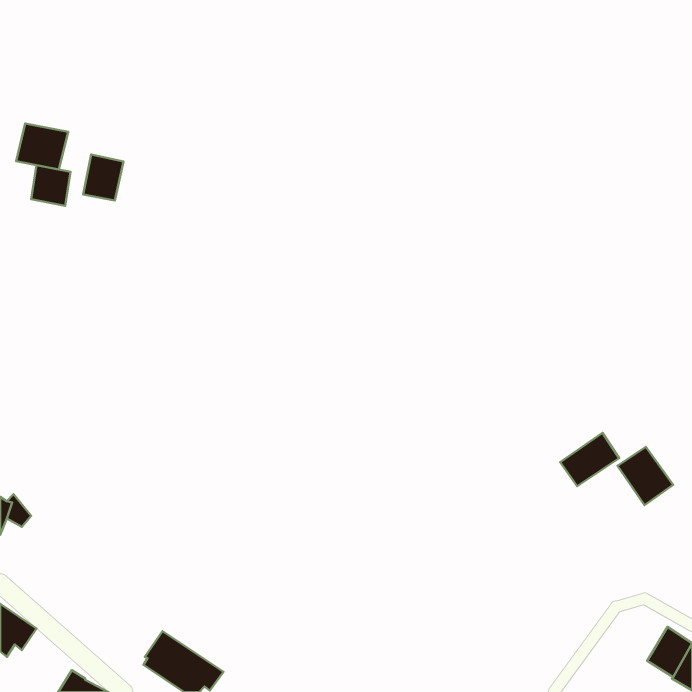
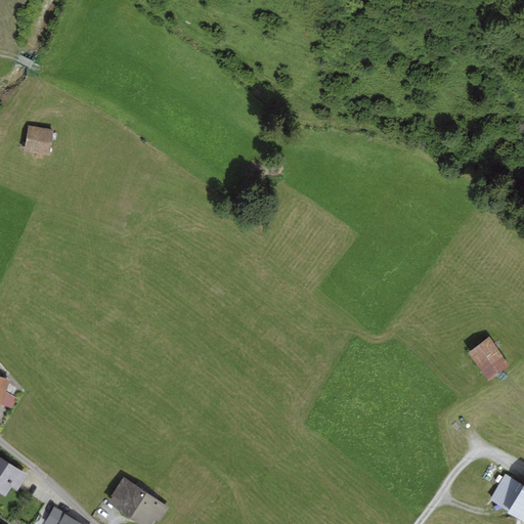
building: [16,123,68,170] -> none
building: [83,155,124,201] -> none
building: [560,433,619,486] -> none

